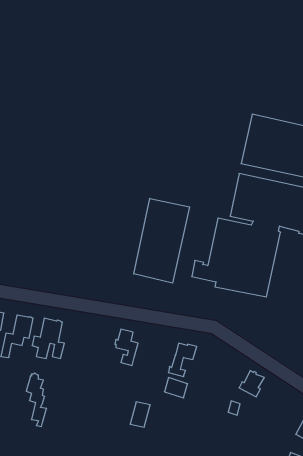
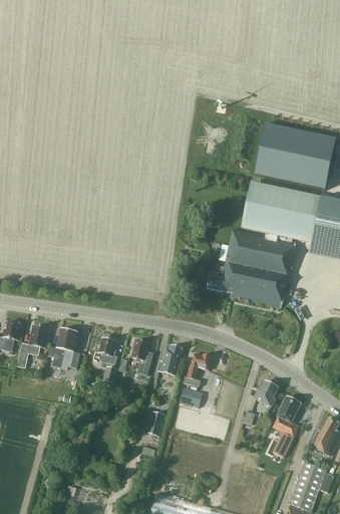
building: [134,198,190,283] -> none
building: none -> [156,345,182,374]
building: [26,373,47,427] -> [97,334,117,388]
building: none -> [272,397,300,457]

